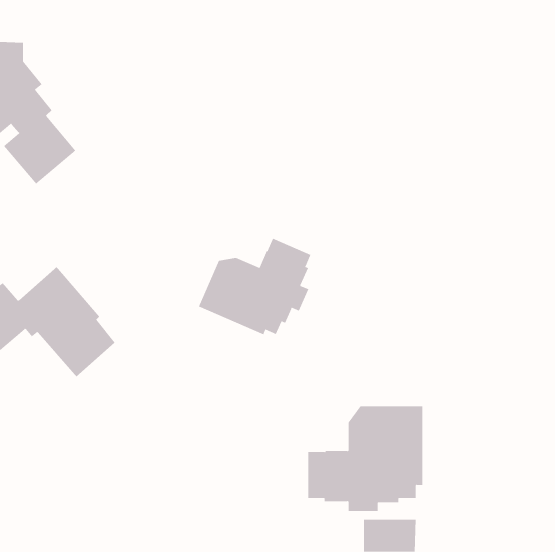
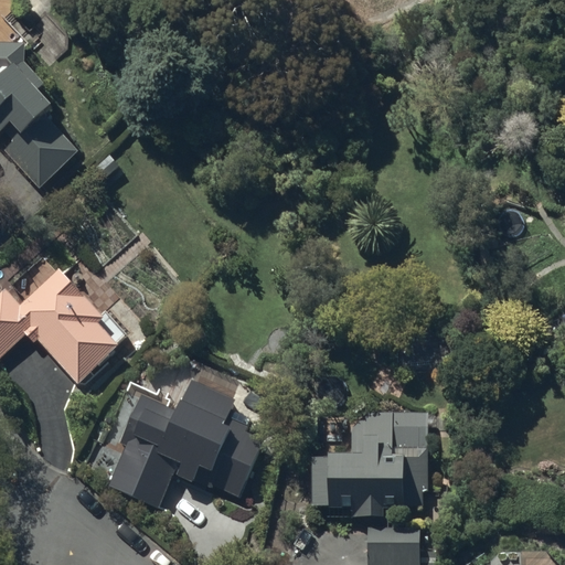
building: [198,238,311,335] -> none
building: none -> [108,381,264,507]

